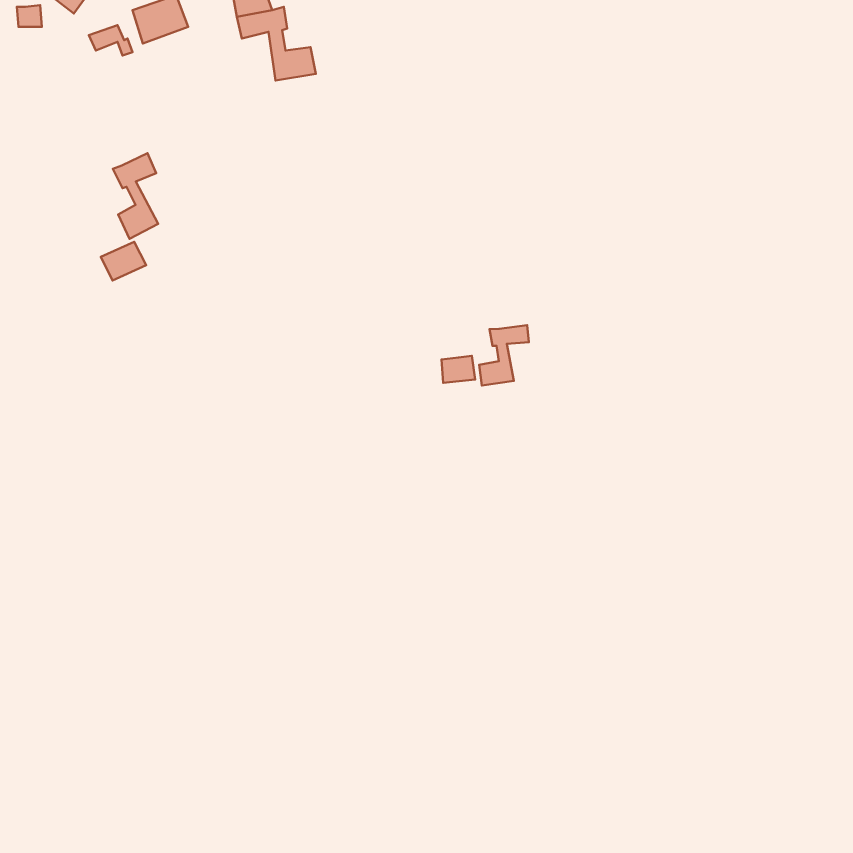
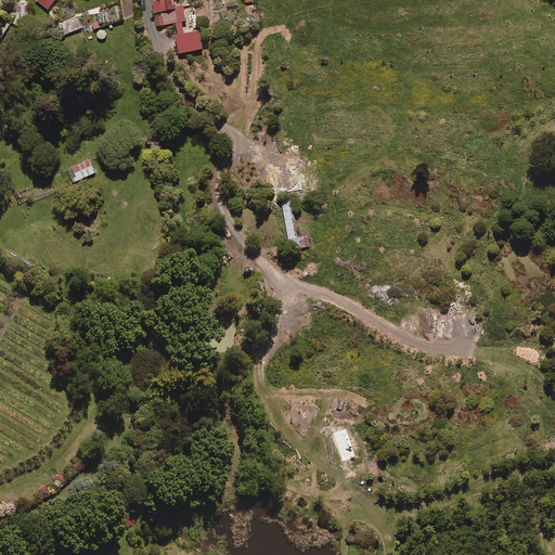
building: [113,153,158,239] -> none
building: [479,325,529,386] -> none

